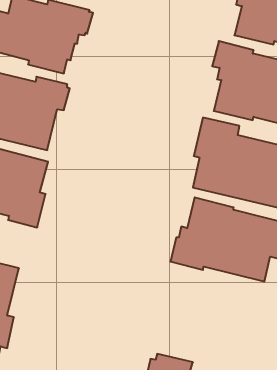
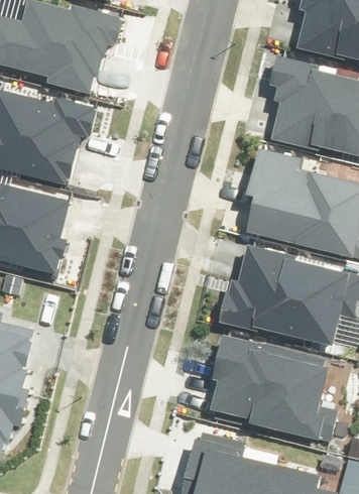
building: none -> [210,335,338,442]

